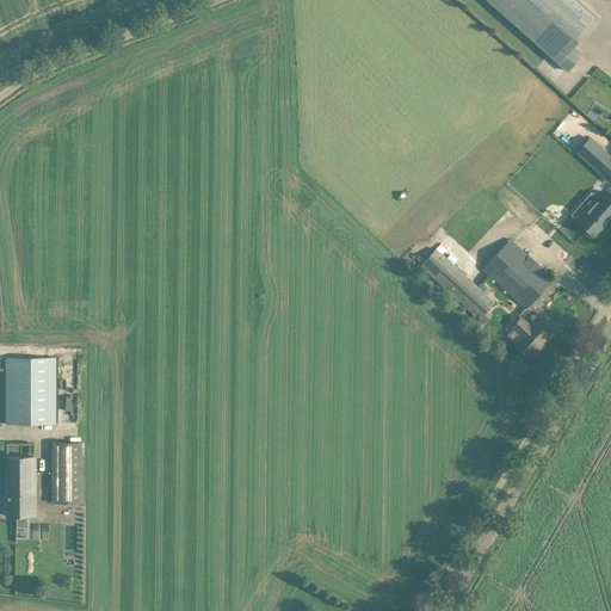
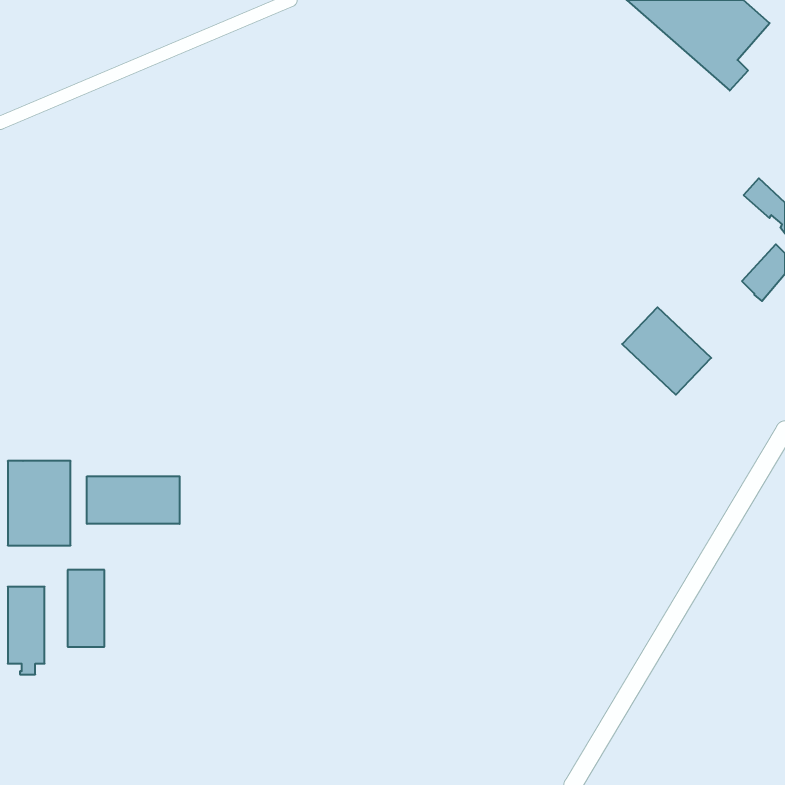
building: [419,248,494,325] -> none
building: [513,319,549,358] -> none
building: none -> [87,476,180,524]

